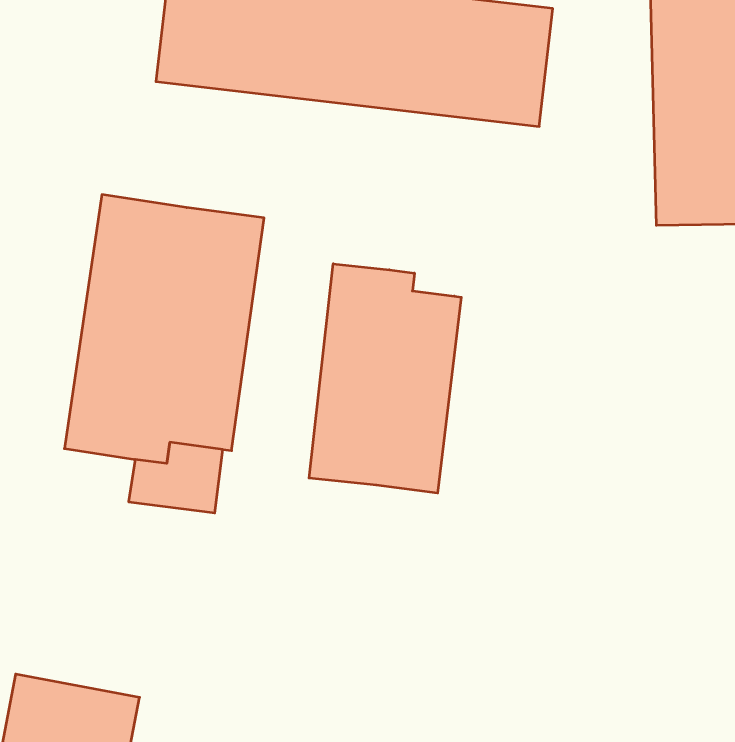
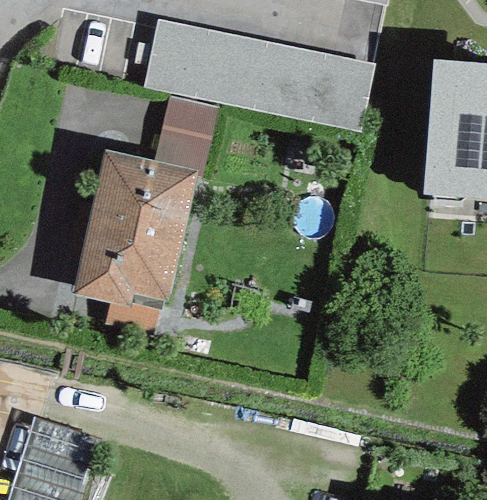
building: none -> [154,96,219,172]
building: [309,264,461,493] -> none

